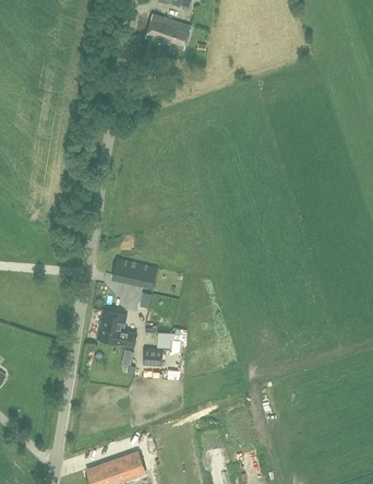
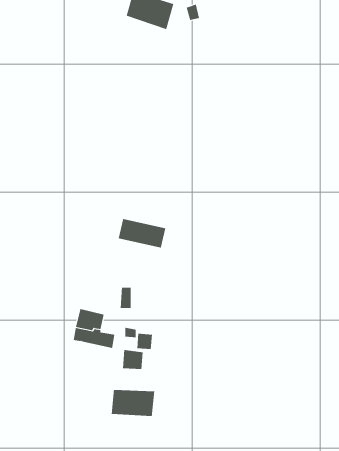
building: [111,259,156,286] -> [118,219,166,248]
building: none -> [111,389,155,417]

